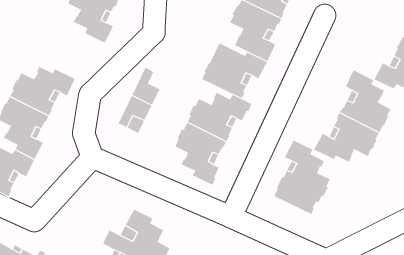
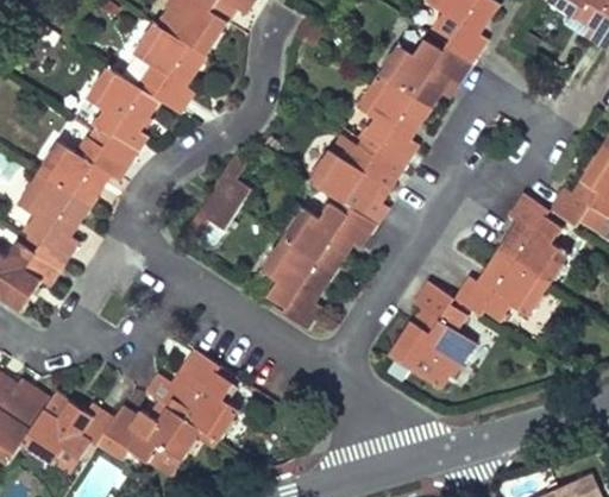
building: none -> [88,68,162,159]

